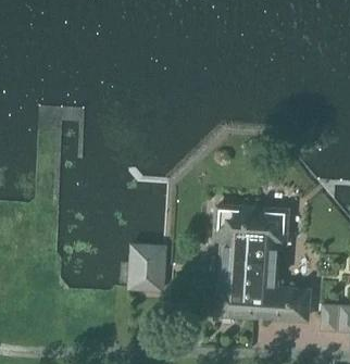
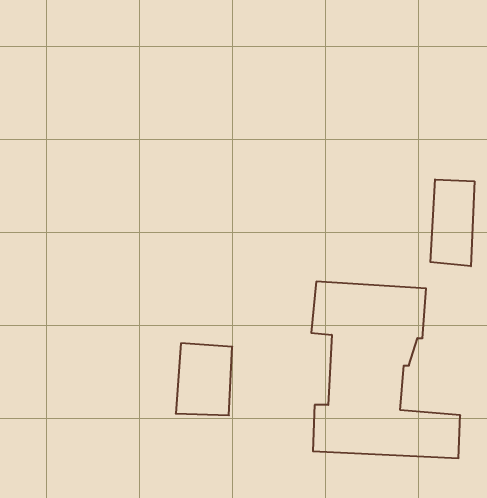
building: none -> [430,179,474,266]

